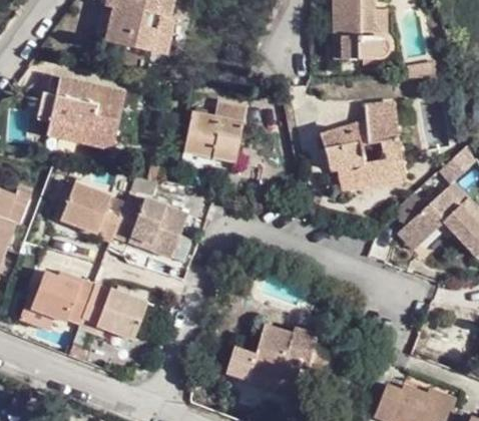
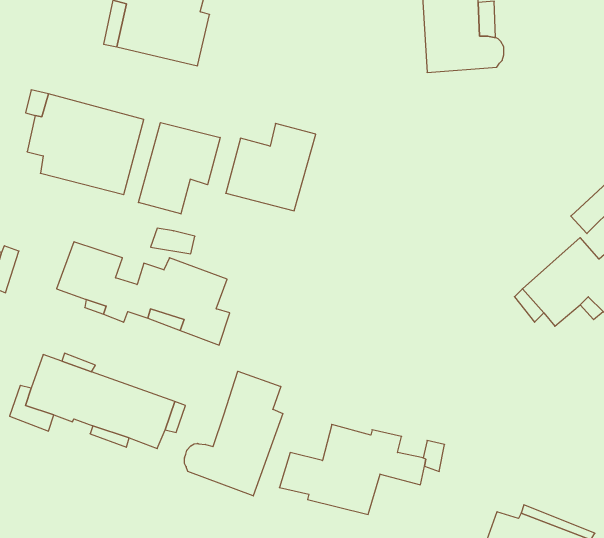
building: none -> [138,123,220,214]
building: [320,102,401,181] -> none
building: none -> [184,371,283,496]

